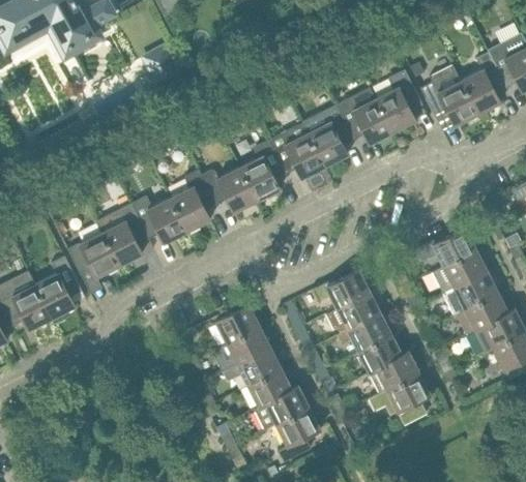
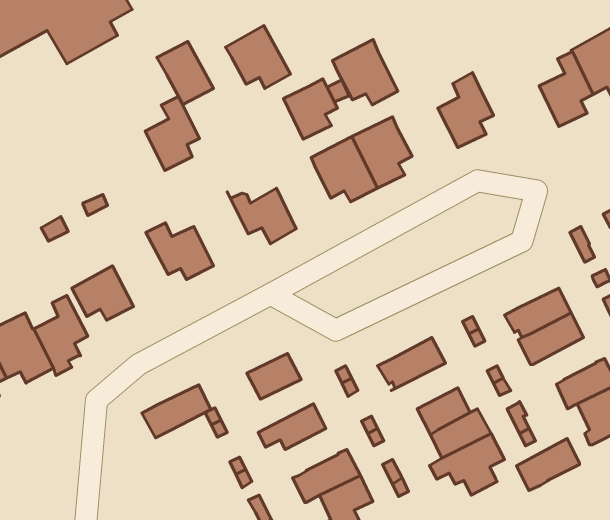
building: none -> [226,25,291,88]
building: [420,65,477,132] -> none
building: [338,89,392,144] -> [333,39,398,105]
building: [240,150,286,201] -> [283,79,338,139]
building: [171,170,216,232] -> [145,97,200,170]
building: [97,204,149,266] -> none
building: [415,229,477,267] -> none
building: [313,270,371,309] -> none
building: [456,292,508,335] -> [517,439,579,490]
building: [337,313,392,352] -> none
building: [213,327,271,371] -> [142,385,211,438]
building: [247,368,292,408] -> none

